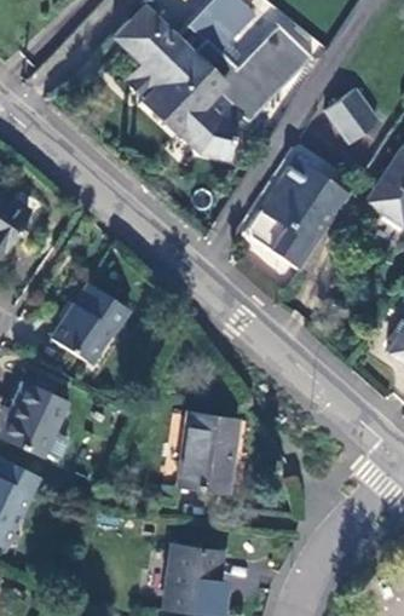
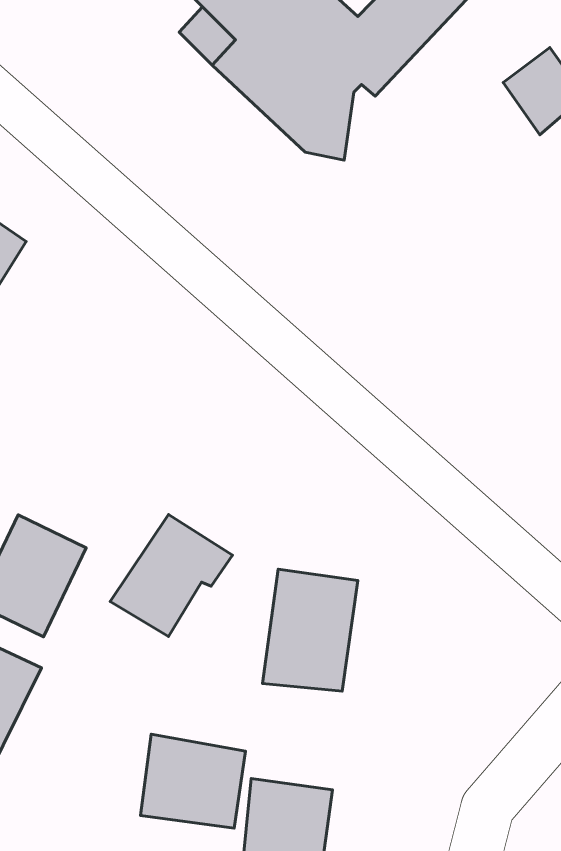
building: [248,157,350,269] -> none
building: [52,283,128,359] -> [110,514,232,637]
building: none -> [140,734,246,828]

